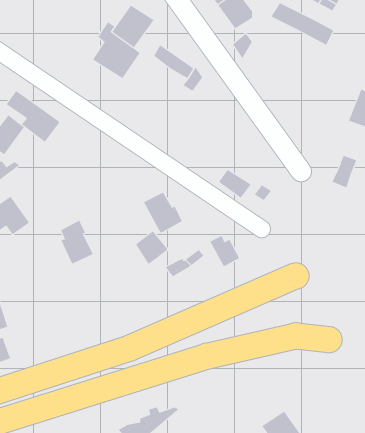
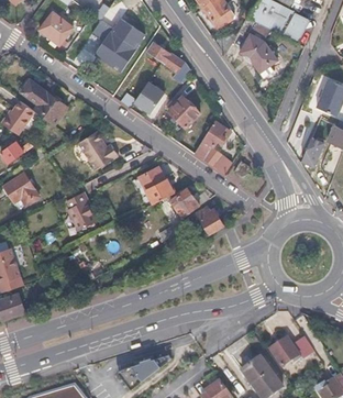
building: none -> [40,11,73,44]
building: none -> [237,16,278,77]
building: none -> [134,81,164,113]
building: none -> [168,96,200,128]
building: none -> [193,120,230,159]
building: none -> [77,132,118,170]
building: [135,230,168,265] -> [170,188,199,218]
building: none -> [269,336,314,367]

